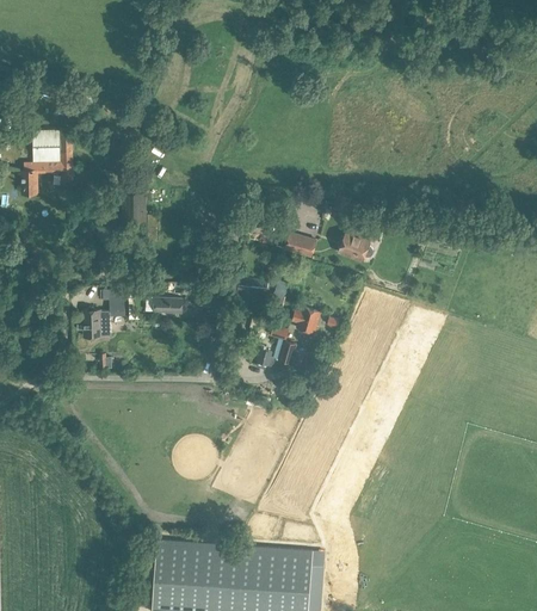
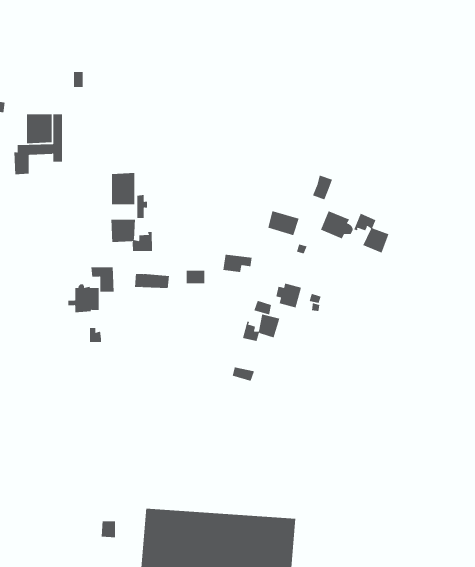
building: none -> [354,213,389,254]
building: none -> [111,219,153,252]

